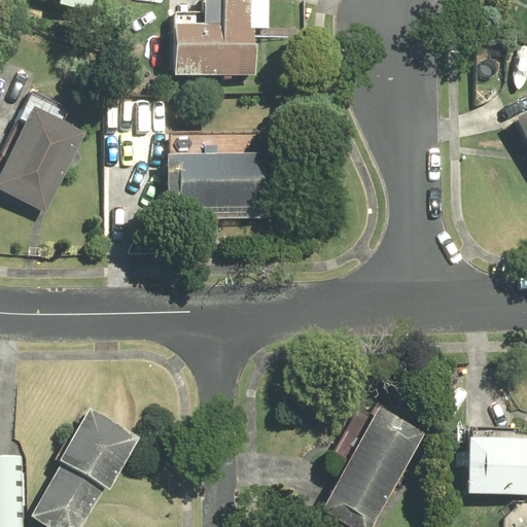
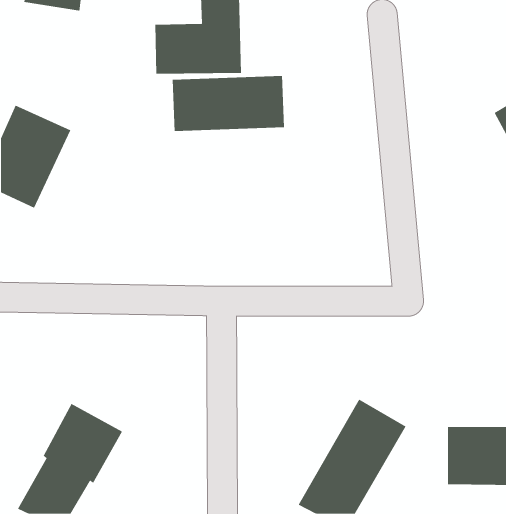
building: [164,151,278,208] -> [172,76,285,132]

